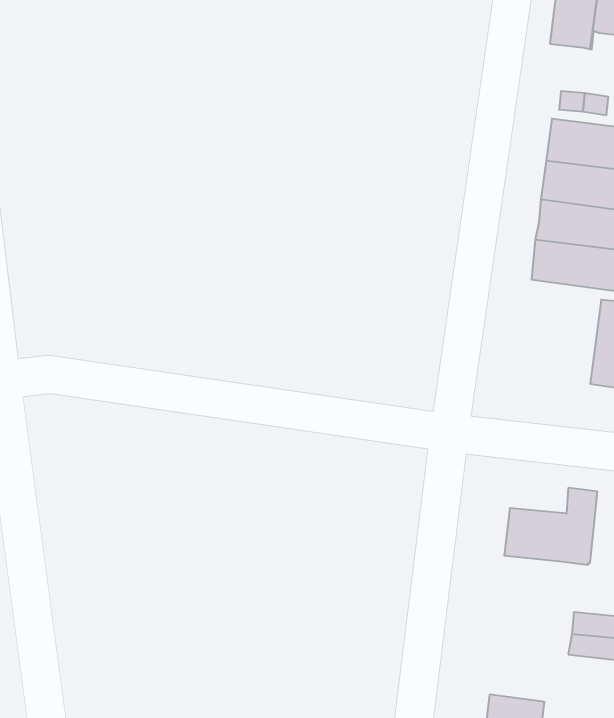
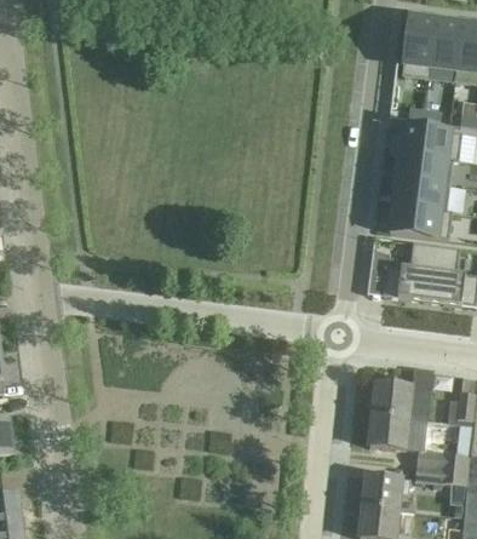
building: none -> [370,241,436,299]
building: none -> [369,413,408,448]
building: none -> [362,474,410,510]

